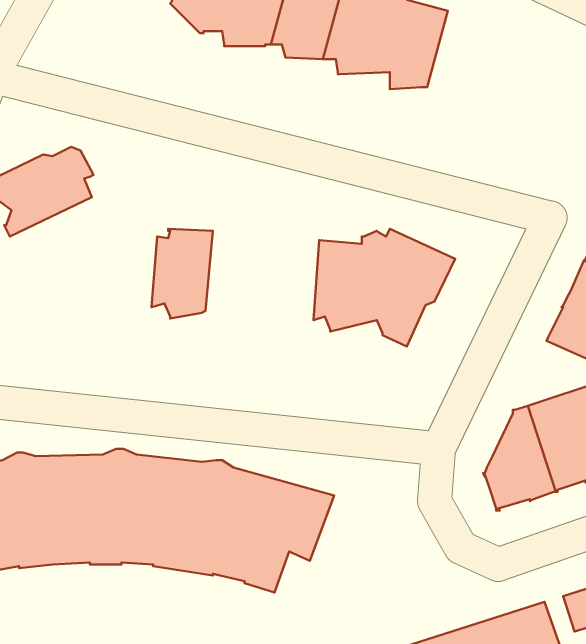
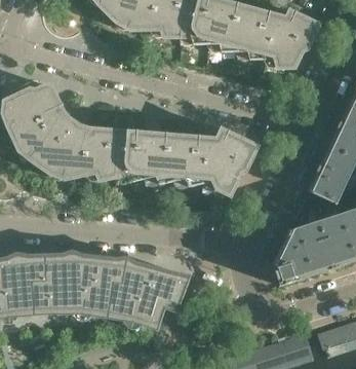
building: none -> [243,9,319,67]
building: none -> [13,112,94,178]
building: none -> [121,125,184,184]

